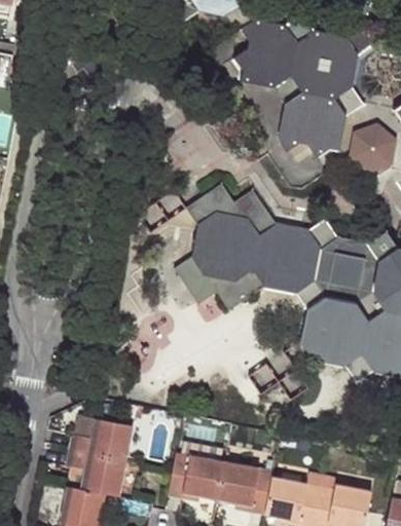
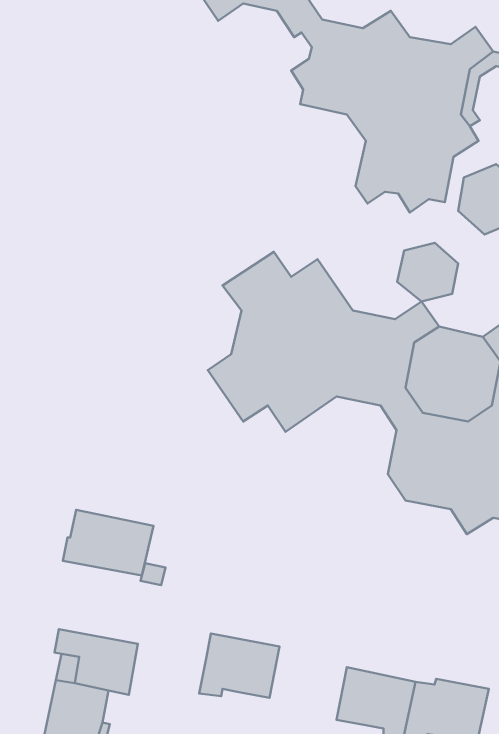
building: none -> [397,243,458,302]
building: [69,414,133,460] -> [63,510,154,576]
building: [217,462,272,514] -> none

